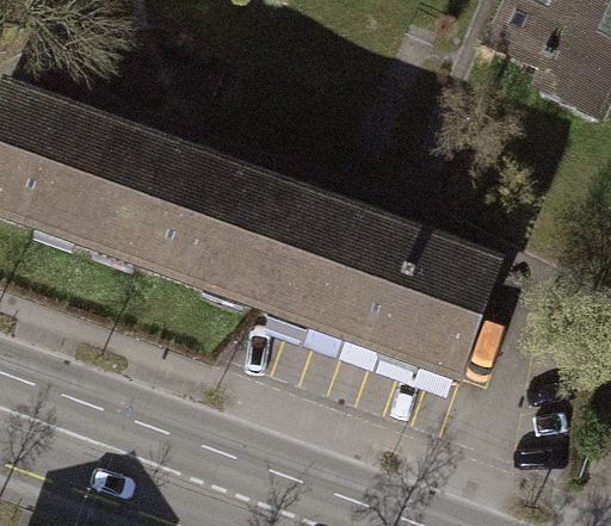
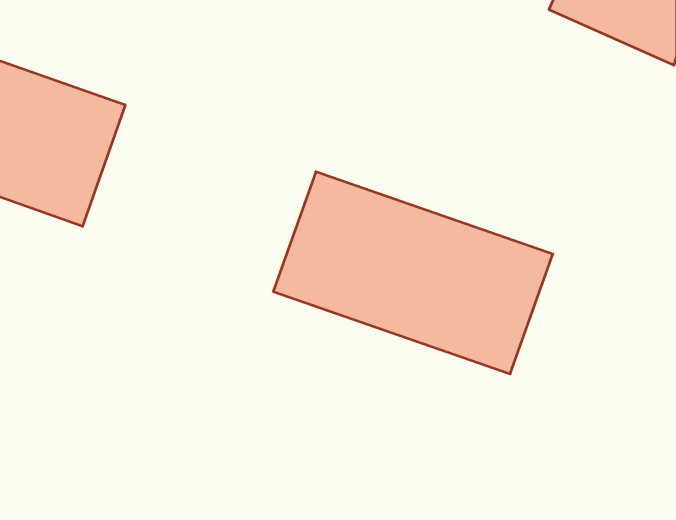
building: [78,129,286,296] -> none

